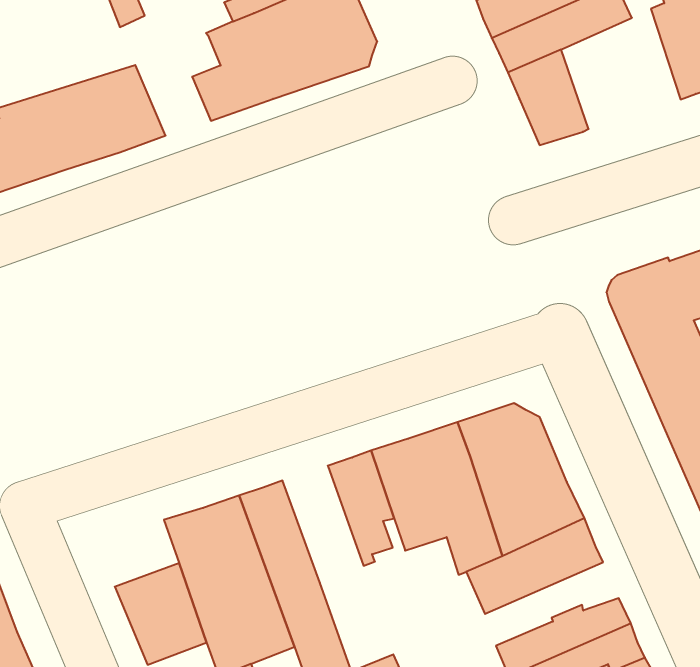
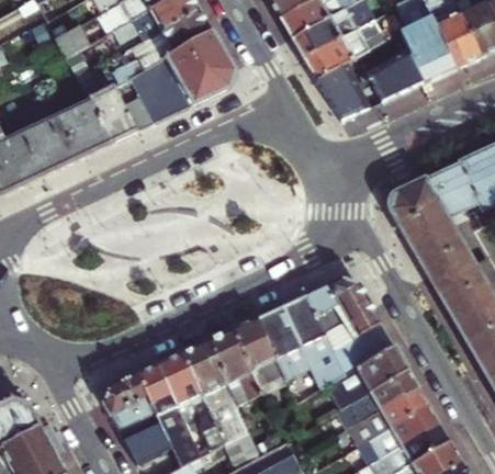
building: none -> [365,49,421,102]
building: none -> [89,86,138,140]
building: none -> [206,329,261,400]
building: none -> [104,373,149,417]
building: none -> [336,369,418,427]

